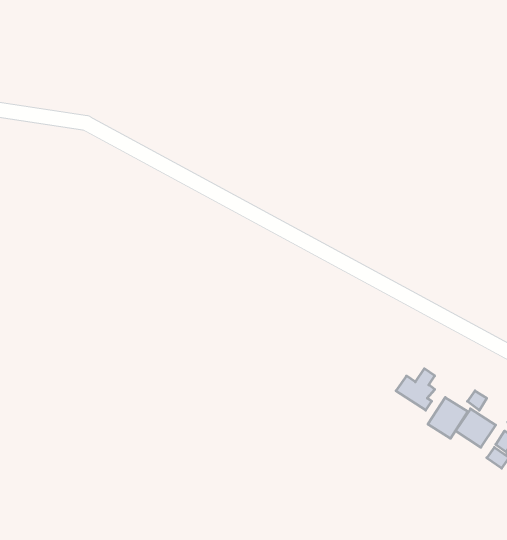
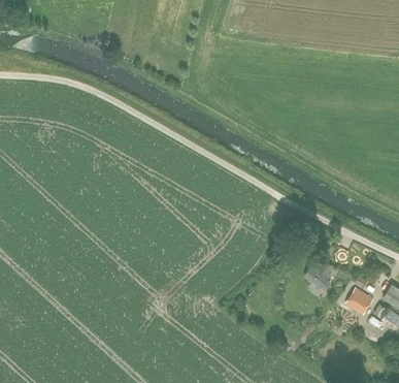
building: [428,397,468,438] -> none

